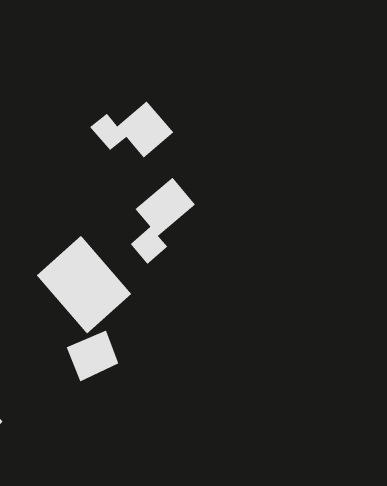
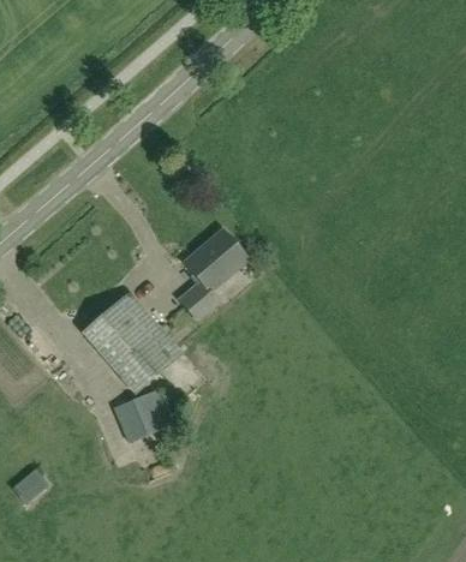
building: [89,100,174,158] -> none

